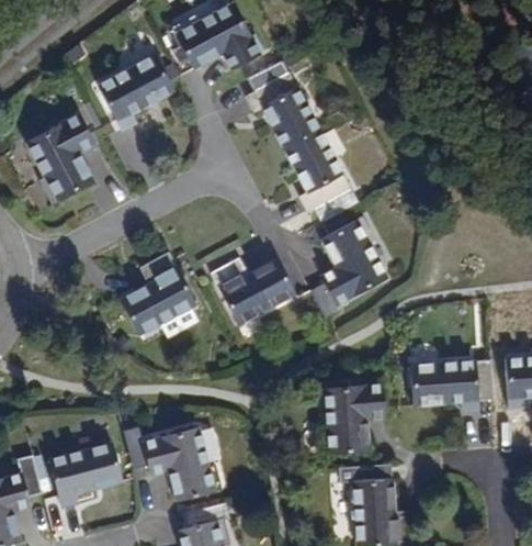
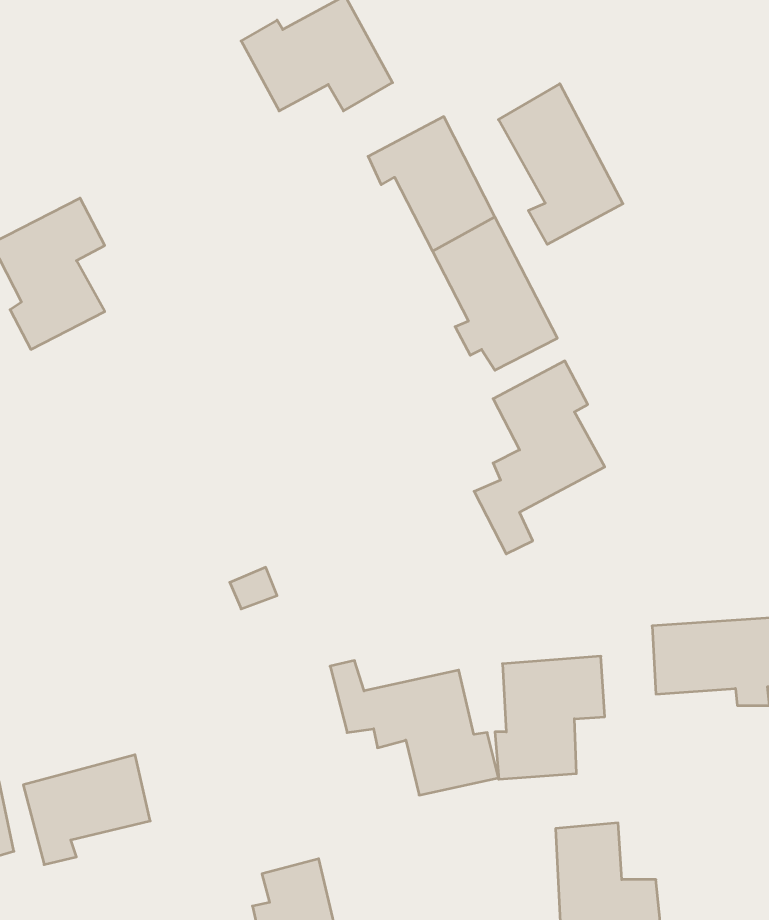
building: none -> [498,84,623,244]
building: [98,56,173,130] -> none
building: [118,252,195,334] -> none
building: [211,257,296,322] -> none
building: [124,421,222,499] -> [330,661,499,795]

